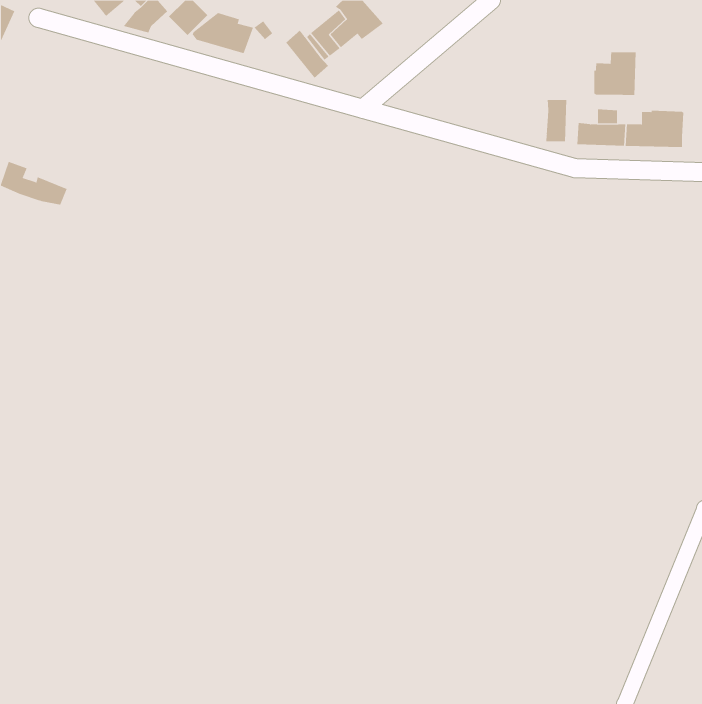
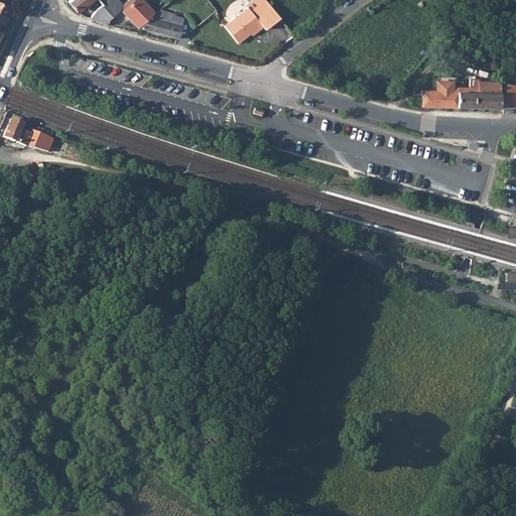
building: [285,30,329,78] -> none
building: [594,52,636,96] -> none
building: [546,99,567,142] -> none

